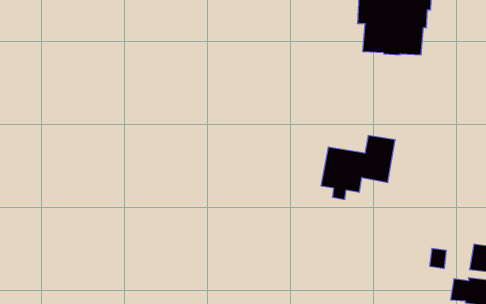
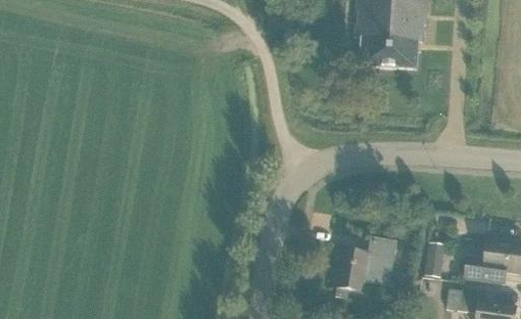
building: [321,136,395,199] -> [325,236,397,299]

